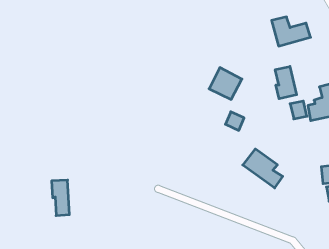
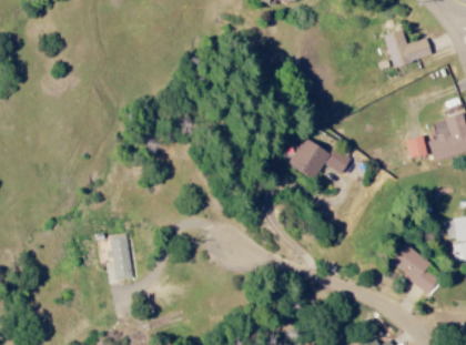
building: [275,66,297,99] -> none
building: [209,68,242,99] -> [288,138,330,177]
building: [243,149,283,188] -> [388,243,438,292]

